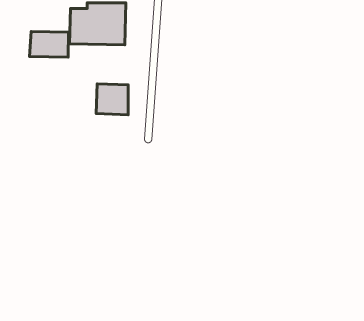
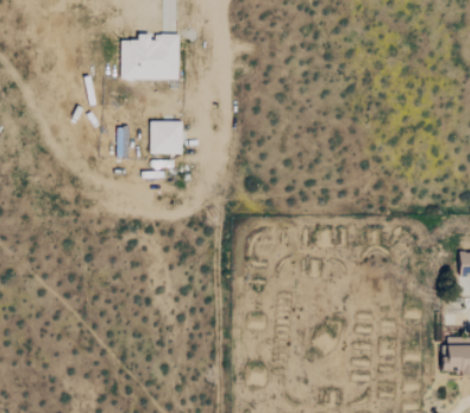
building: [30,32,69,57] -> none

